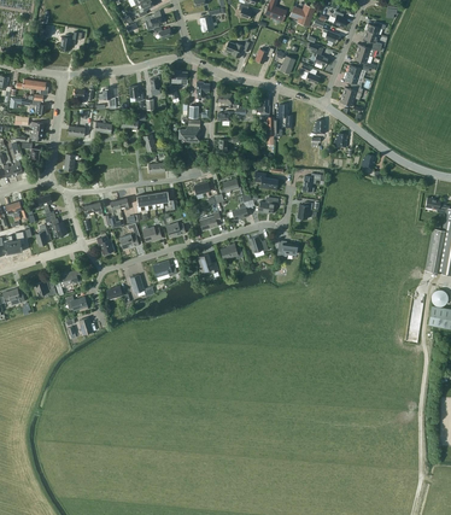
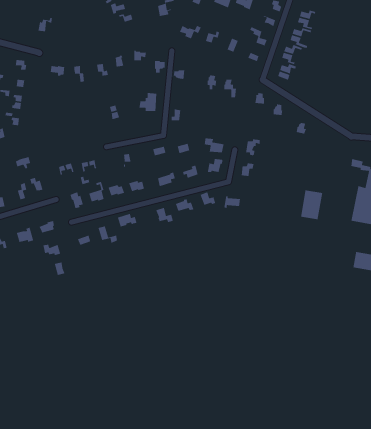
building: none -> [300,190,323,220]

